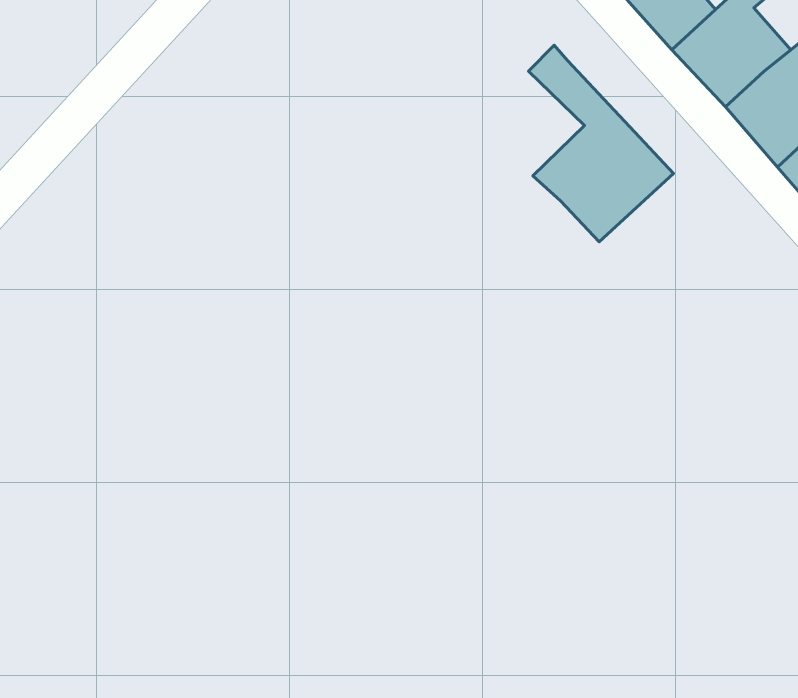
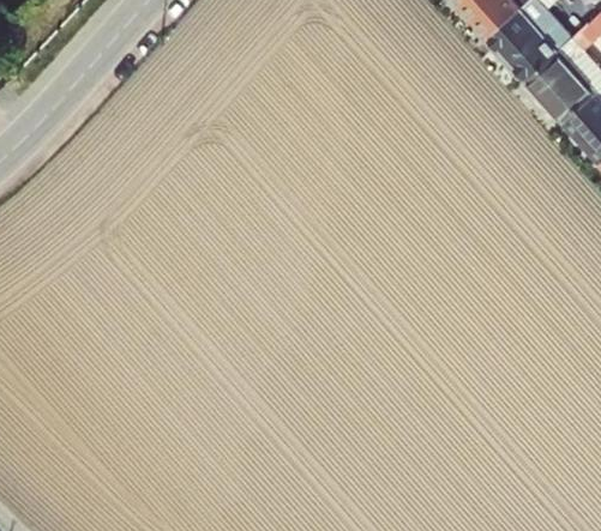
building: [528,45,674,242] -> none

